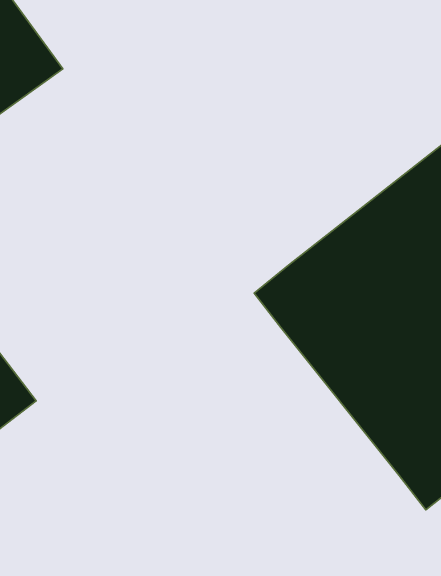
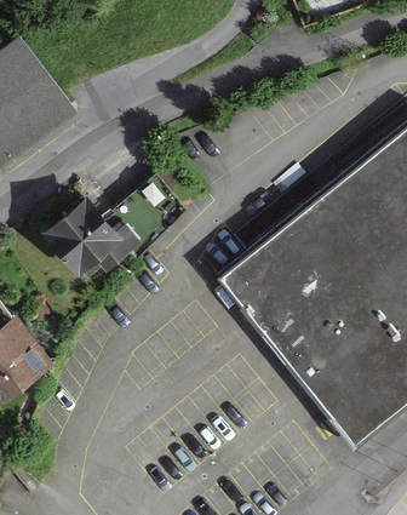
building: none -> [41,196,132,277]

